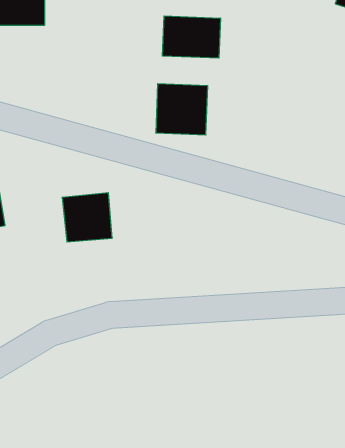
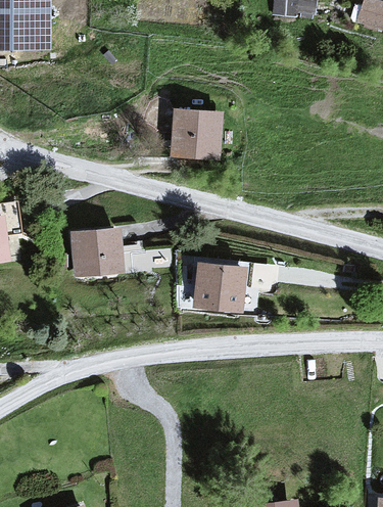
building: [163,16,220,58] -> none
building: none -> [193,264,243,312]

